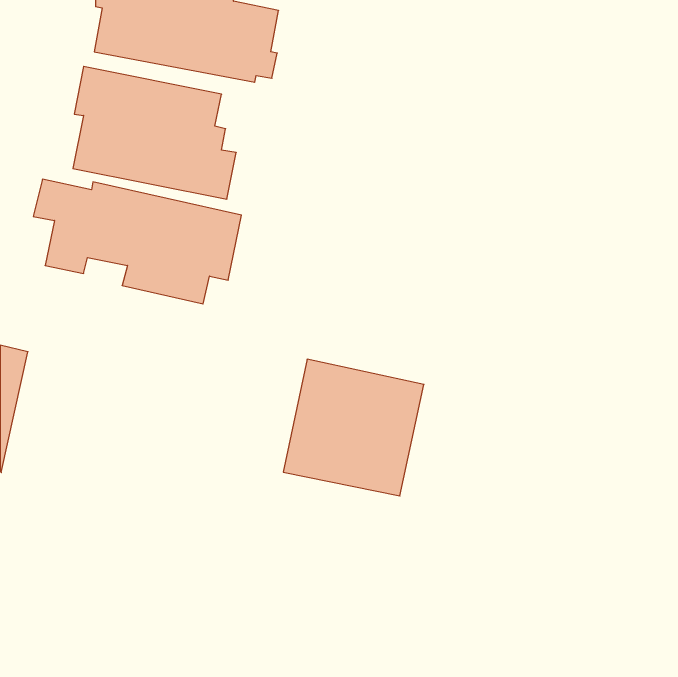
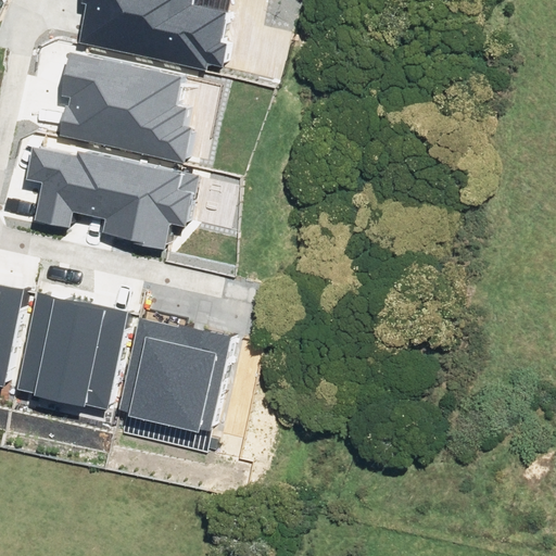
building: none -> [17,289,129,407]
building: [283,359,424,496] -> [116,317,231,429]

